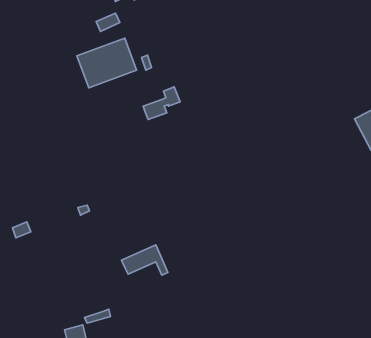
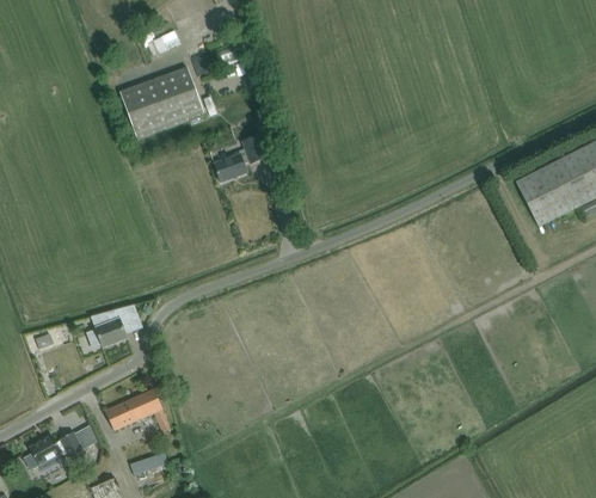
building: none -> [87,319,128,348]
building: [122,245,168,275] -> [105,389,171,432]
building: none -> [29,431,84,467]

